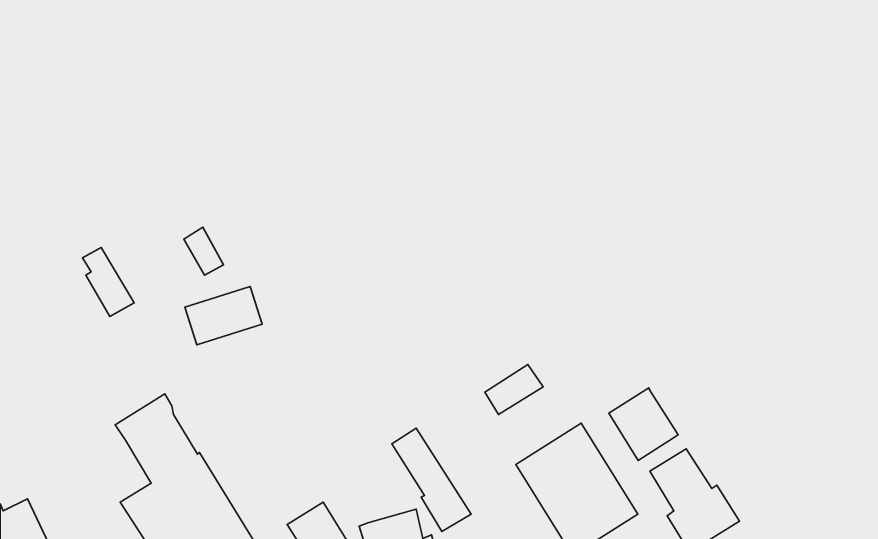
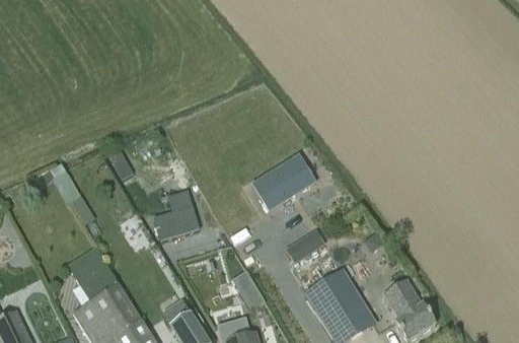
building: none -> [250,151,313,207]
building: [185,286,262,345] -> [153,205,199,239]
building: [609,388,678,460] -> none

